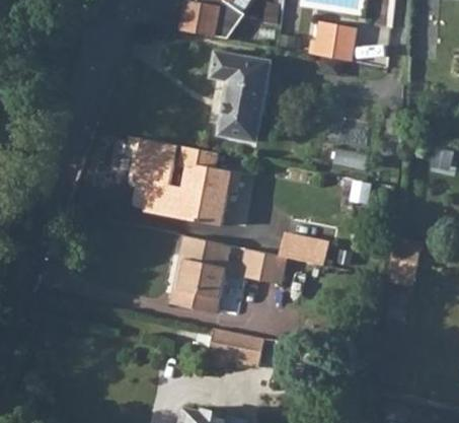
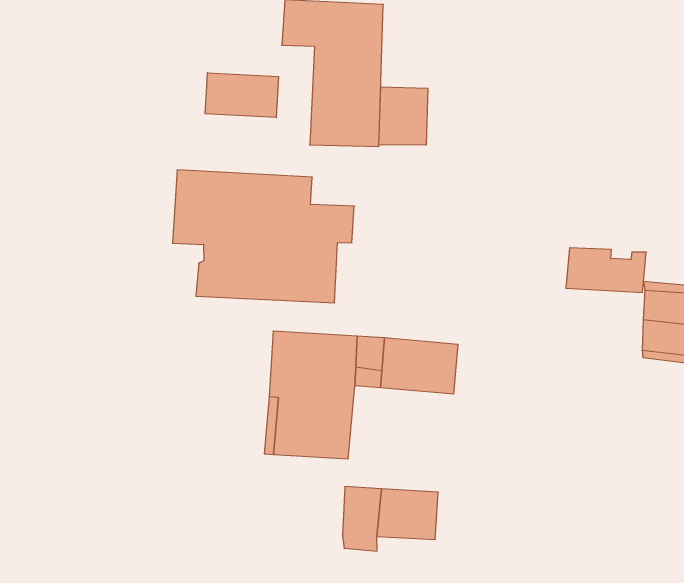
building: none -> [205,73,279,118]
building: none -> [379,87,428,145]
building: [281,235,328,266] -> [566,248,646,292]

